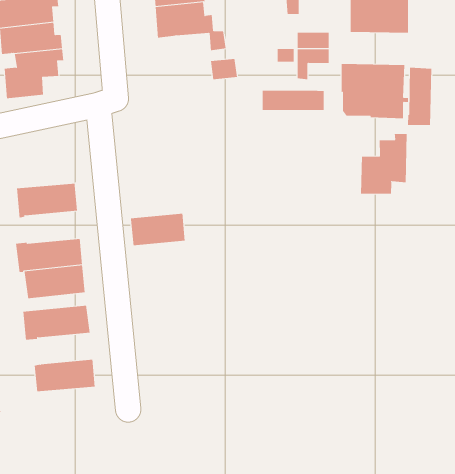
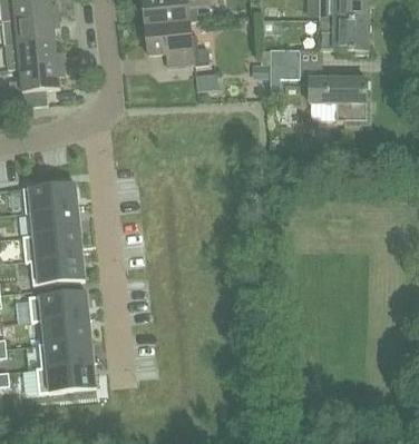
building: [407,67,432,126] -> none
building: [262,90,324,111] -> none
building: [361,133,407,194] -> none
building: [130,213,186,246] -> [30,206,79,235]
building: none -> [41,314,90,342]
building: none -> [35,362,95,393]

